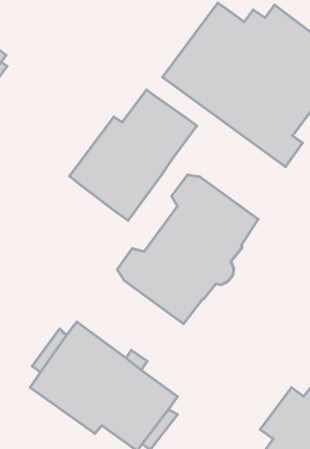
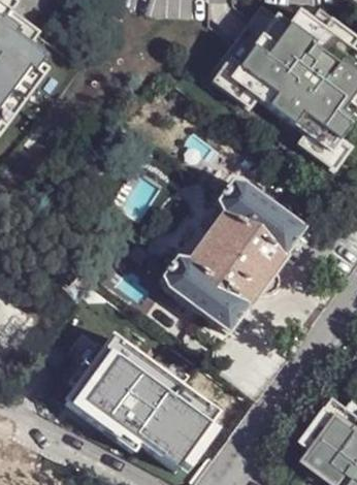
building: [70,90,197,220] -> none

